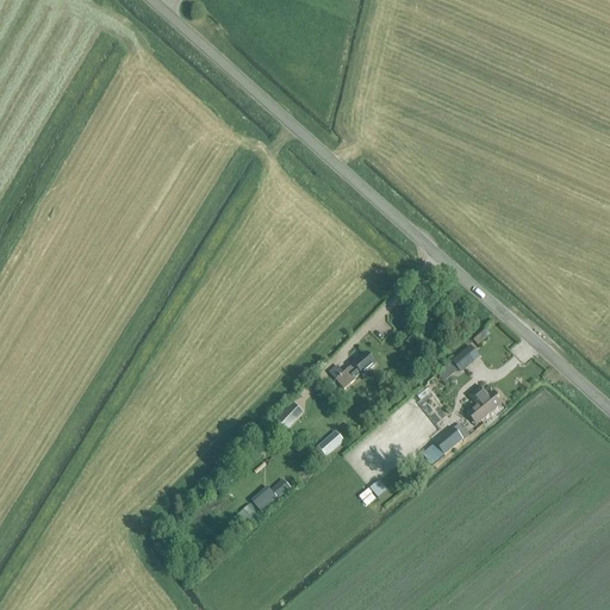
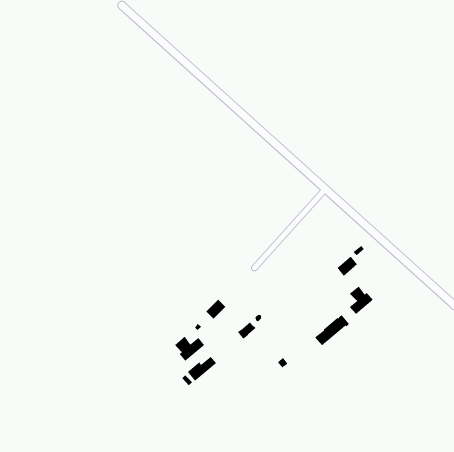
building: [328,350,374,387] -> none
building: none -> [174,335,205,362]

